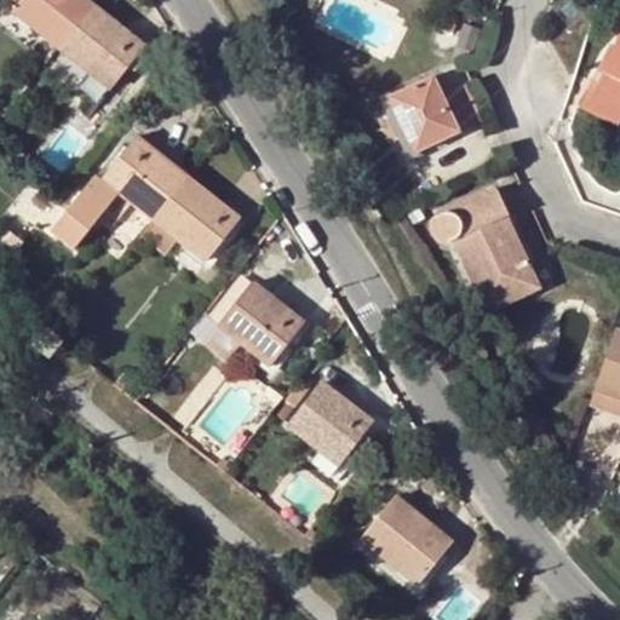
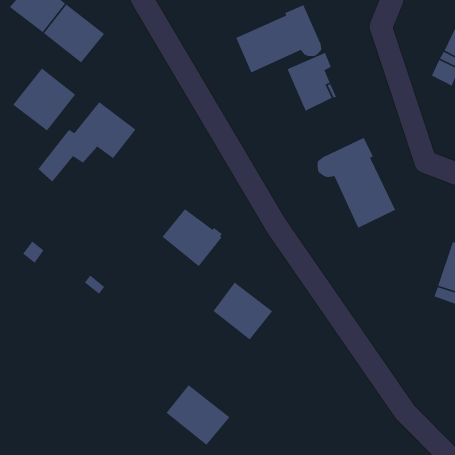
building: none -> [235,4,322,74]
building: none -> [12,68,76,132]
building: [155,176,241,258] -> none
building: [362,496,450,580] -> [165,384,231,446]

